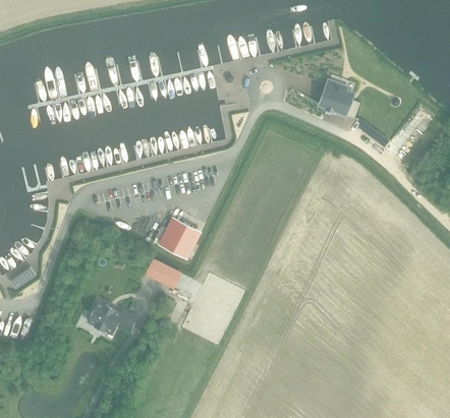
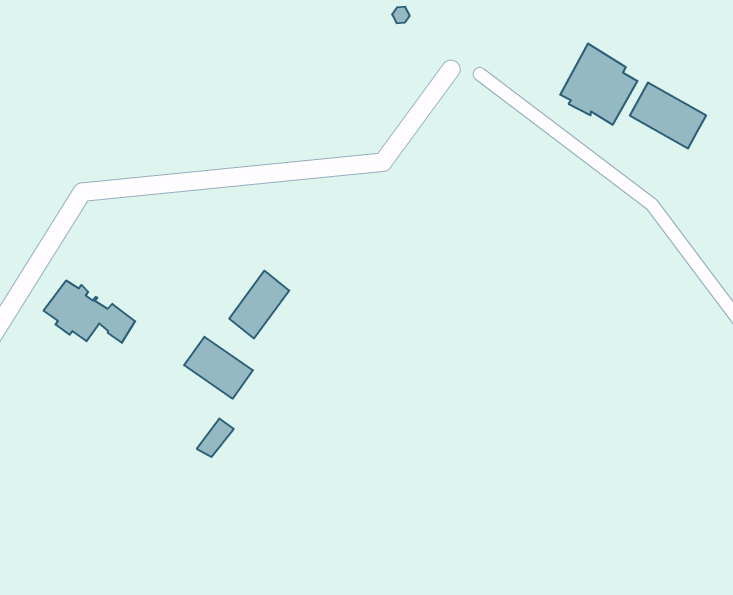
building: none -> [630,82,706,149]
building: [88,302,135,332] -> [44,281,135,343]

